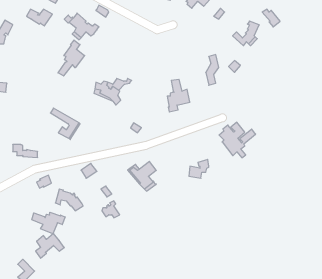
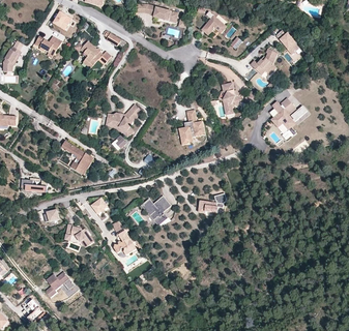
building: [58,40,85,76] -> none
building: [219,122,256,158] -> [268,98,307,136]
building: [32,212,65,234] -> none

